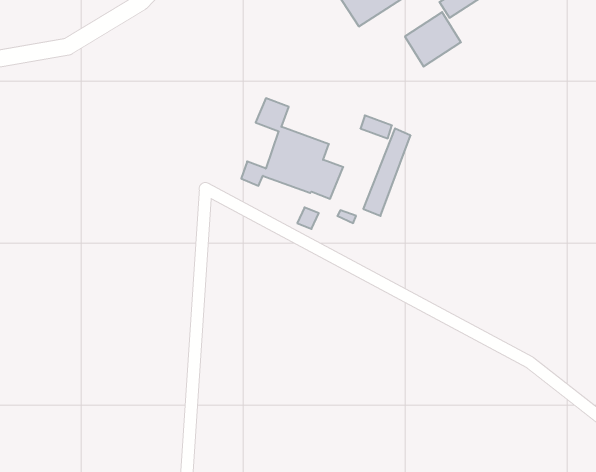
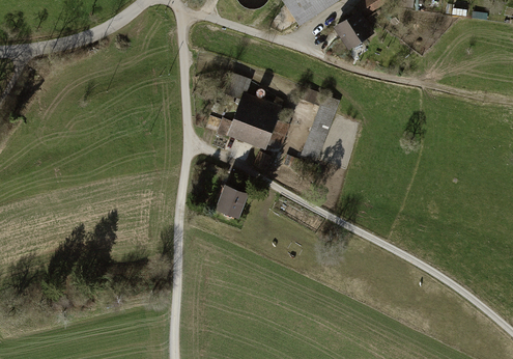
building: none -> [213,186,246,220]

